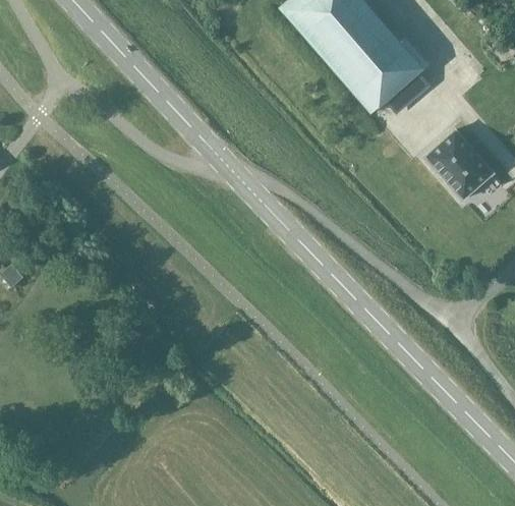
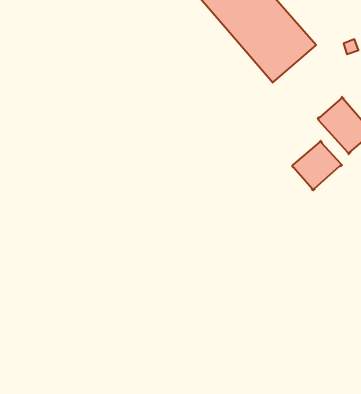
building: none -> [292,141,342,190]

